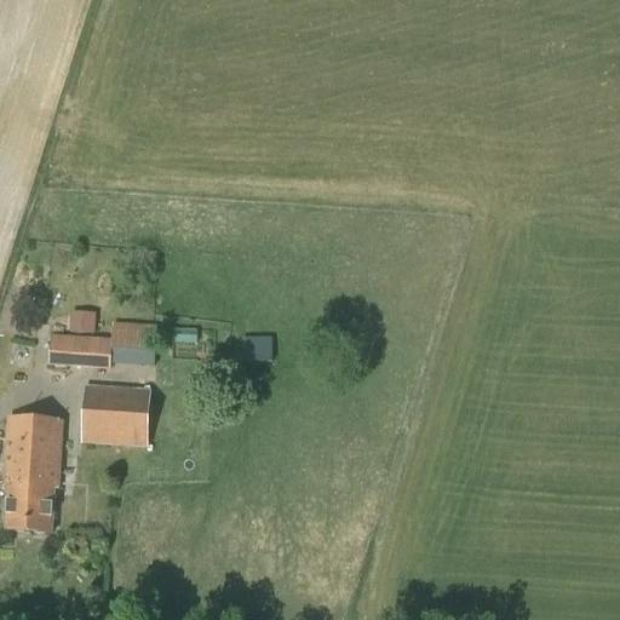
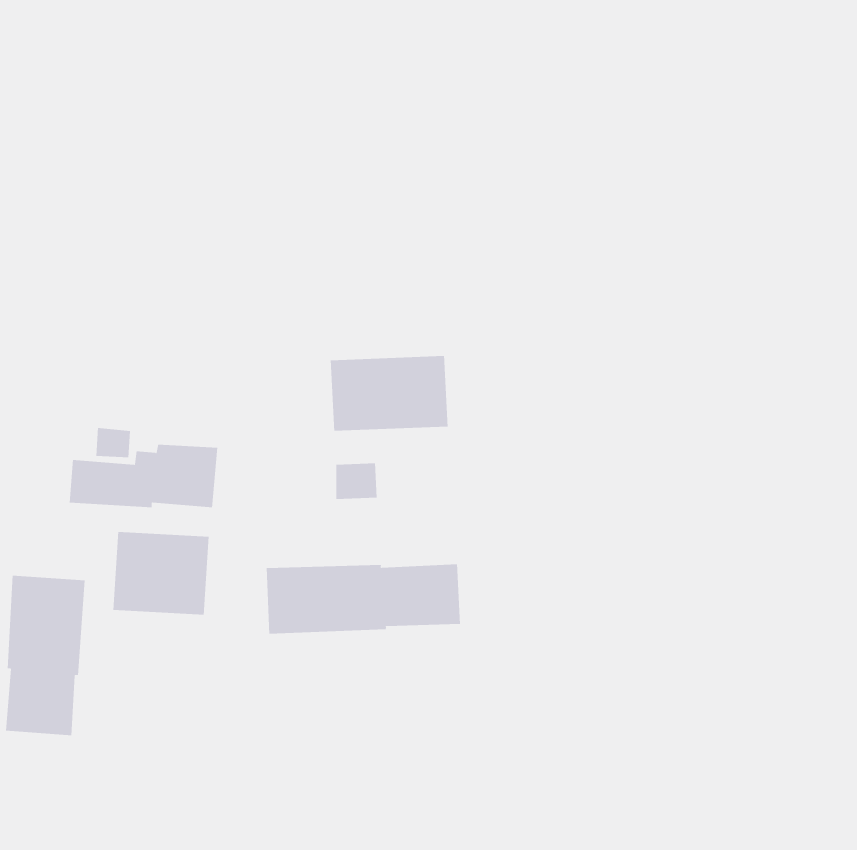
building: none -> [330,355,448,432]
building: none -> [266,564,460,635]

